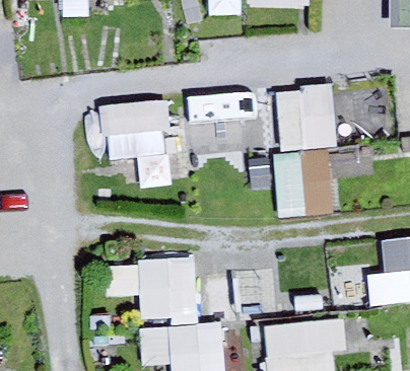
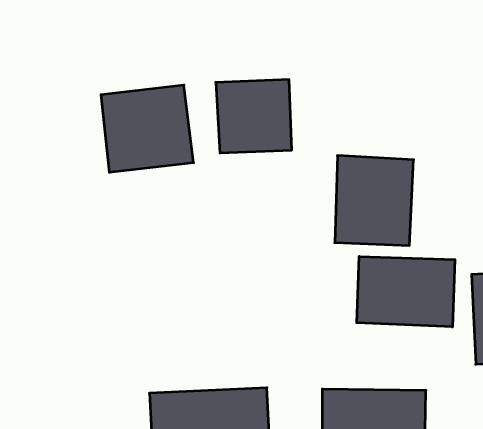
building: [275,84,336,149] -> none
building: none -> [357,256,455,327]
building: [138,251,201,322] -> none

